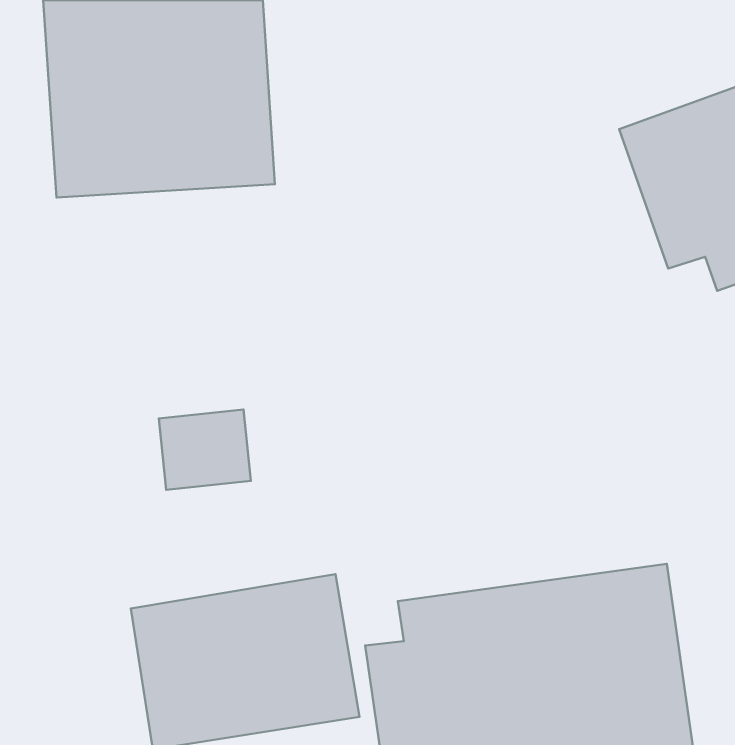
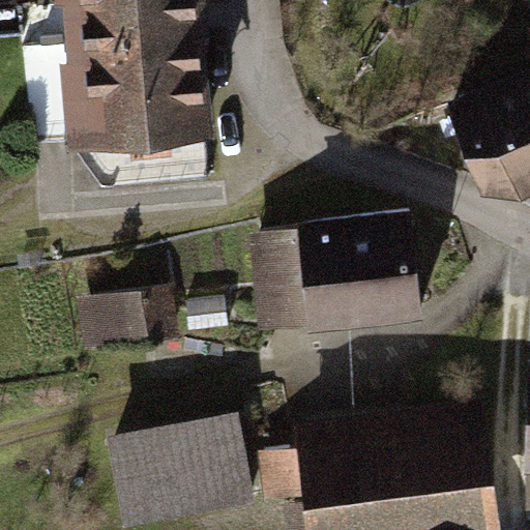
building: none -> [257,214,418,333]

